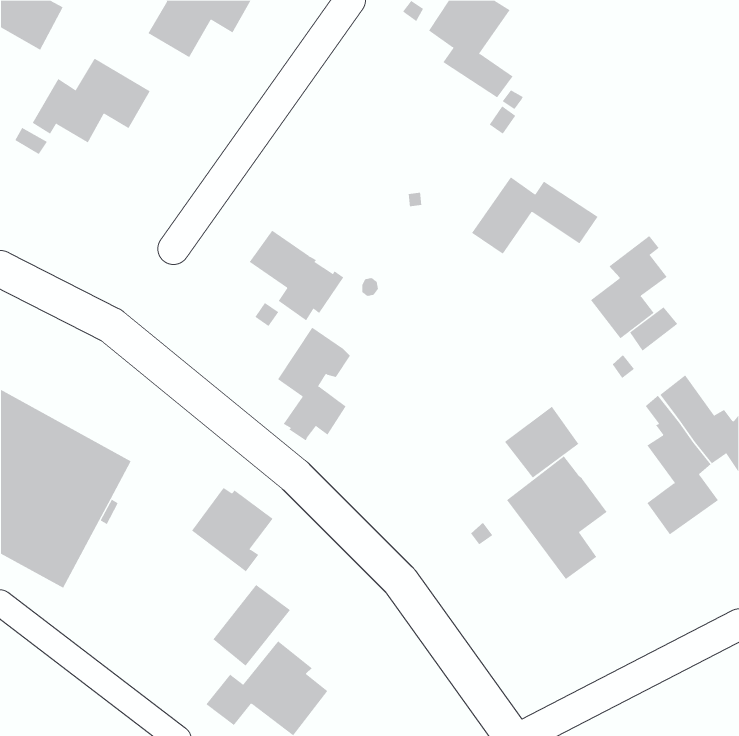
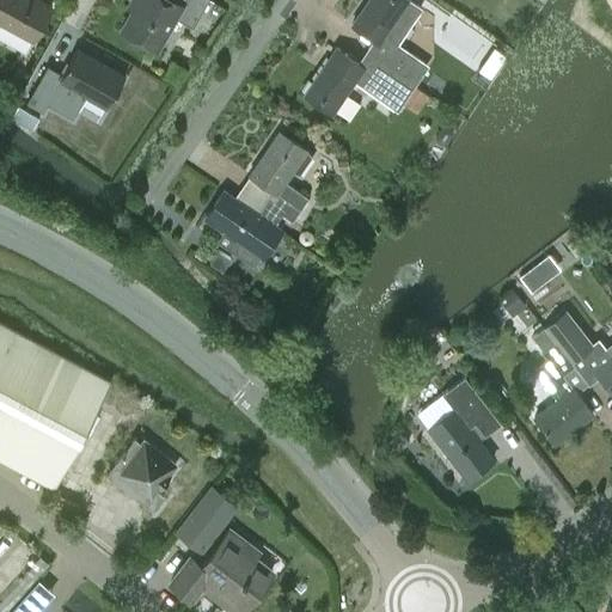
building: [471,176,599,254] -> [306,50,411,115]
building: [590,235,668,339] -> none
building: [277,327,351,441] -> [251,134,312,228]
building: [504,406,579,479] -> none
building: [191,487,274,572] -> [108,440,176,510]

